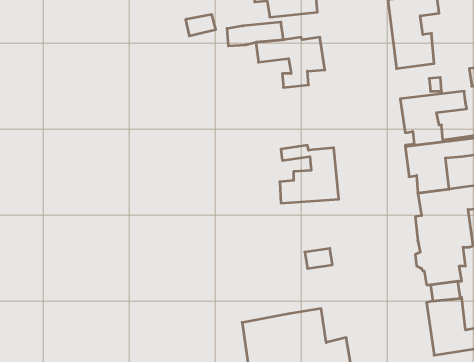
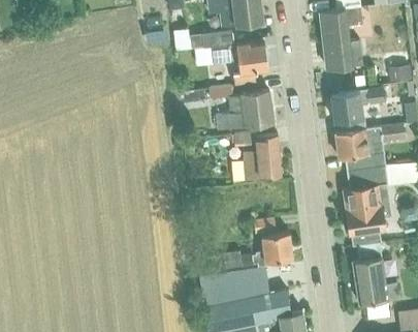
building: none -> [210,87,274,130]
building: none -> [222,233,293,268]

